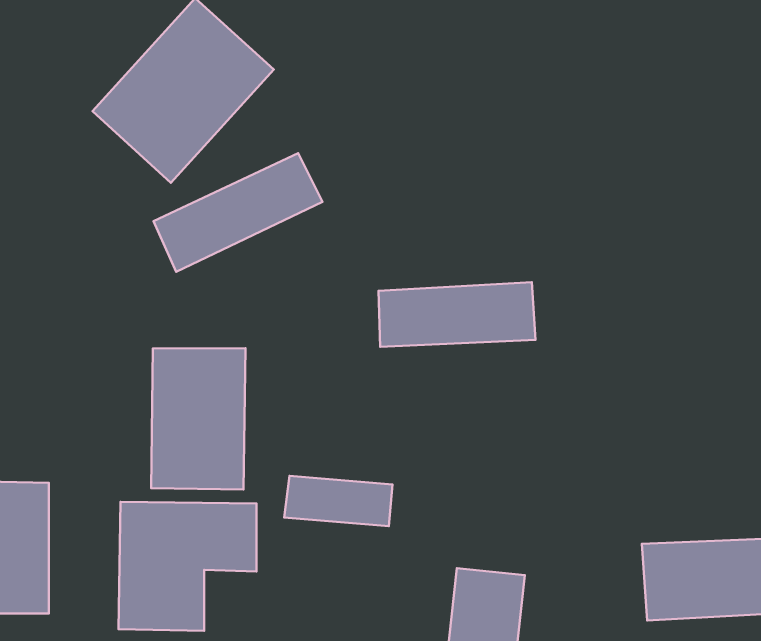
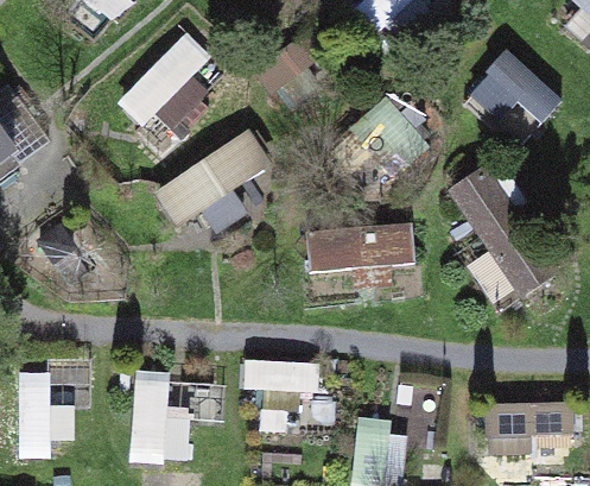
building: none -> [465,55,560,143]
building: none -> [452,160,560,301]
building: [151,348,245,490] -> none

